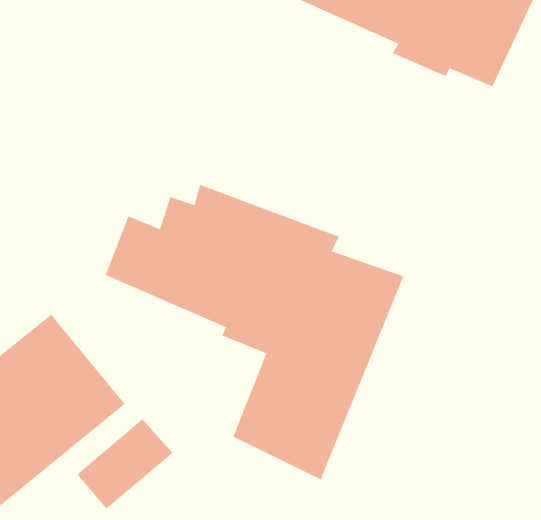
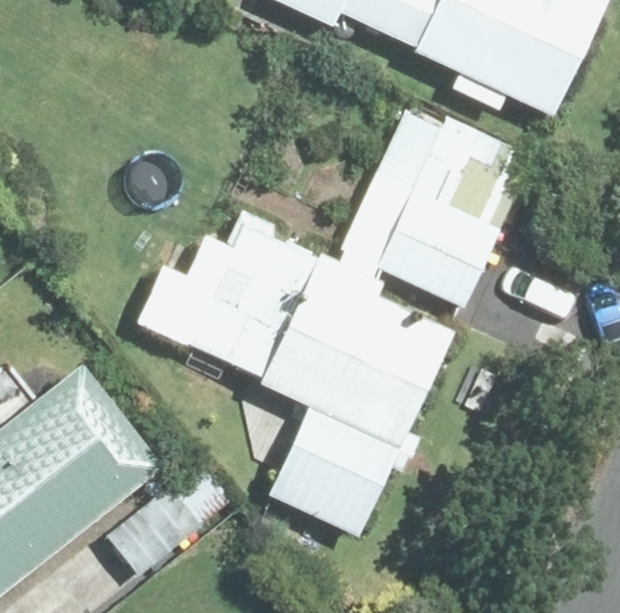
building: none -> [339,92,533,302]

